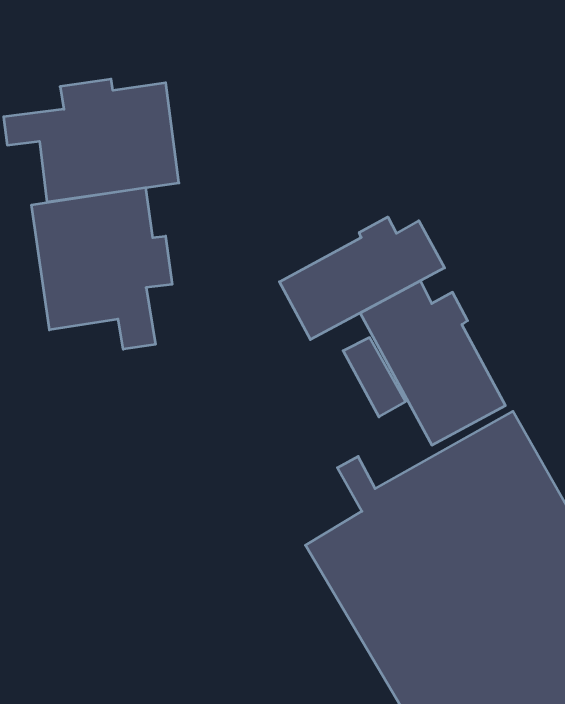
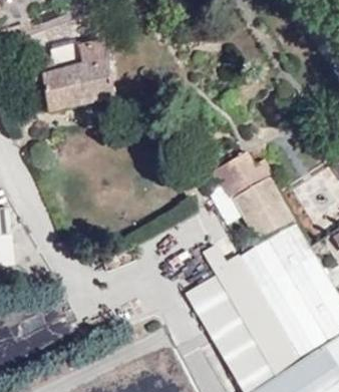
building: [32,188,172,349] -> none
building: [279,217,445,340] -> none

